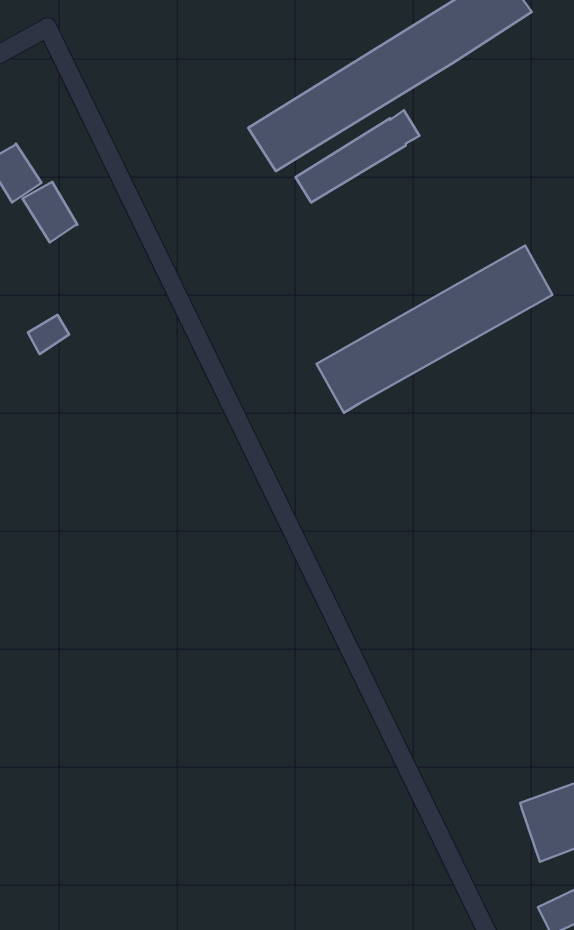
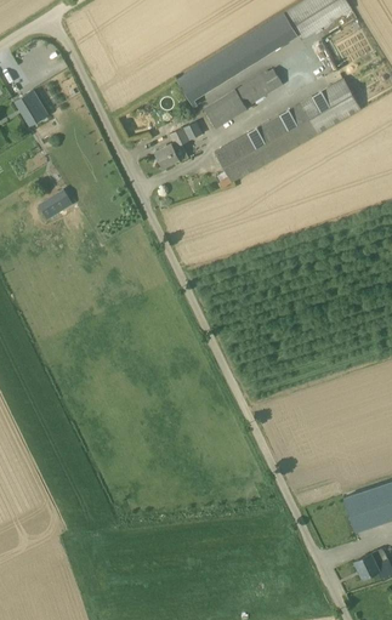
building: [23,182,77,242] -> none
building: none -> [155,121,203,166]
building: [316,246,553,413] -> [215,79,360,182]

